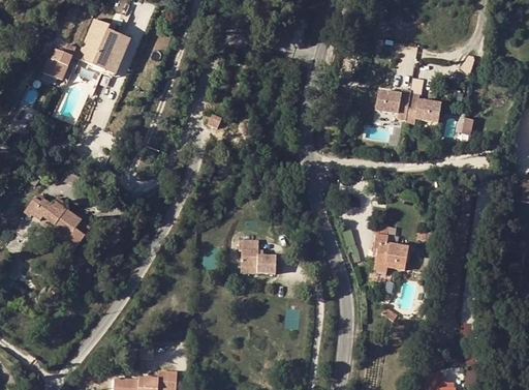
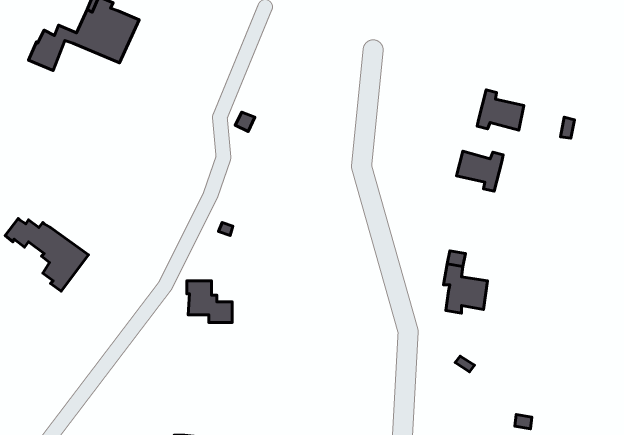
building: [371,87,408,119] -> [456,151,503,191]
building: [239,240,275,273] -> [187,281,232,323]

